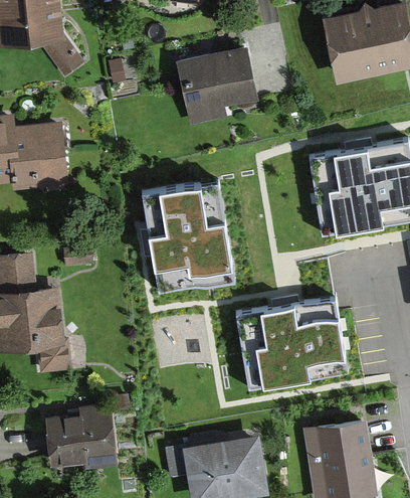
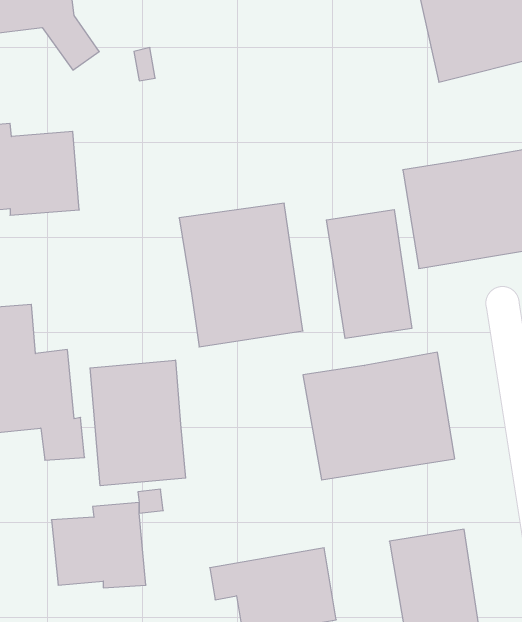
building: [177,47,258,128] -> none
building: none -> [326,210,412,338]
building: none -> [90,360,186,486]

